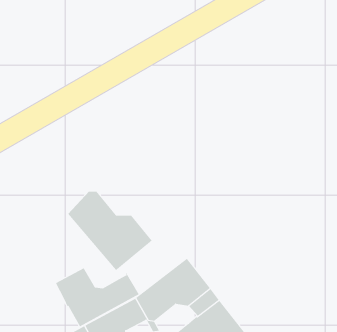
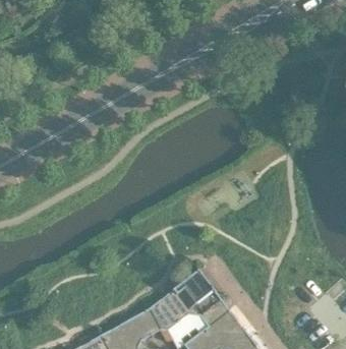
building: [67,191,152,275] -> none
building: [54,268,139,327] -> none

